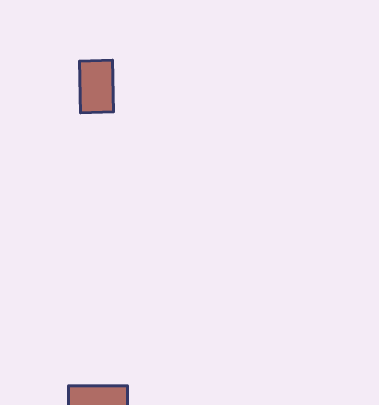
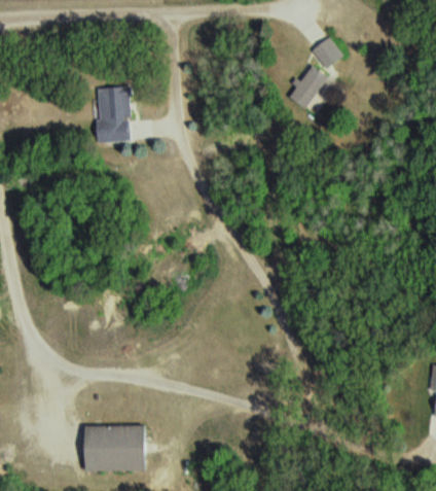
building: none -> [312,37,343,69]
building: none -> [290,66,328,110]

